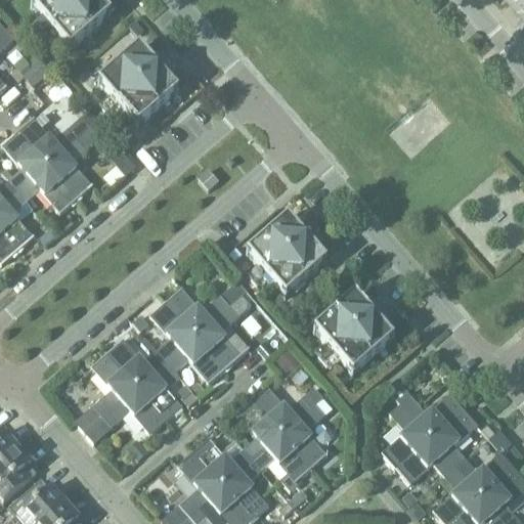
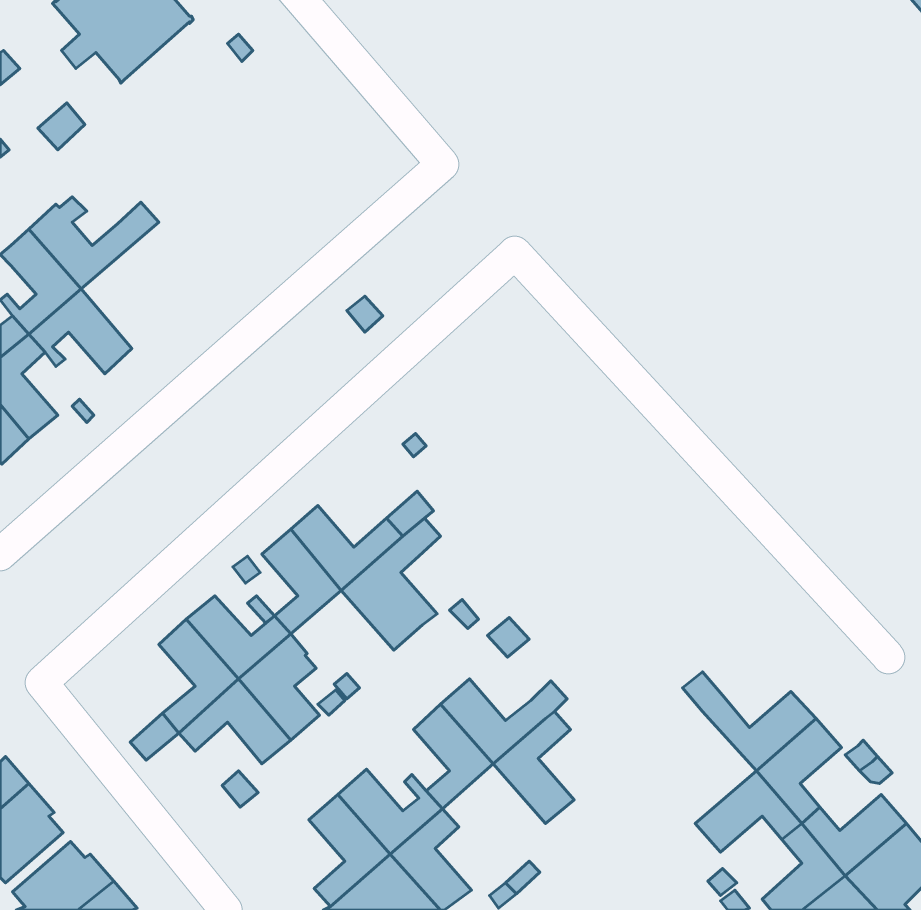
building: [98,44,178,125] -> none
building: [47,126,100,198] -> none
building: [246,214,326,296] -> none
building: [313,292,394,373] -> none
building: [166,335,224,382] -> none
building: [382,403,430,467] -> none
building: [252,433,310,490] -> none

